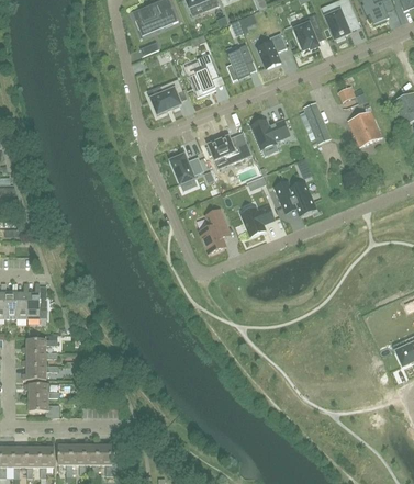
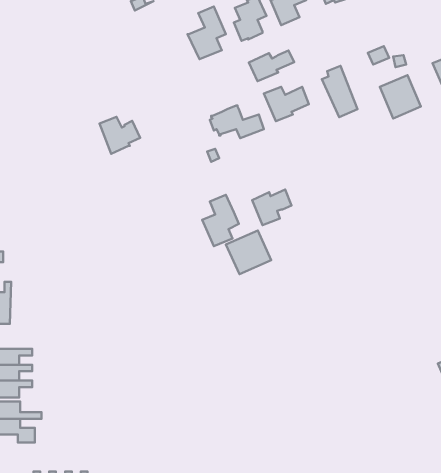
building: [150,78,182,113] -> none
building: none -> [249,50,294,81]
building: [169,154,203,184] -> [99,117,140,154]
building: [275,181,313,213] -> none
building: none -> [226,230,271,274]

